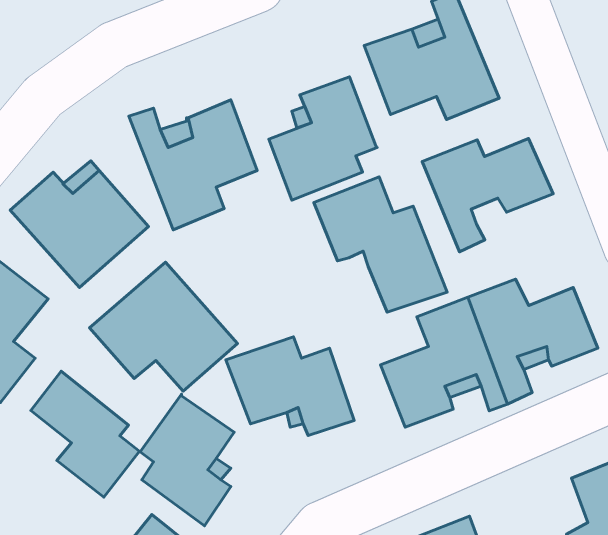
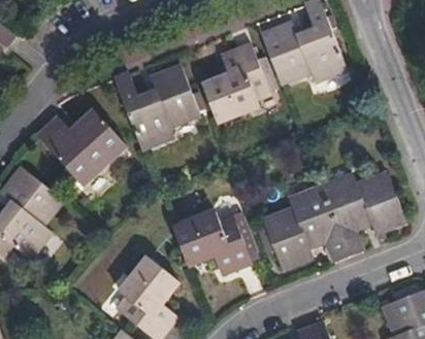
building: [422,139,553,252] -> none
building: [314,177,447,312] -> none
building: [90,262,237,391] -> none
building: [31,371,140,497] -> none

